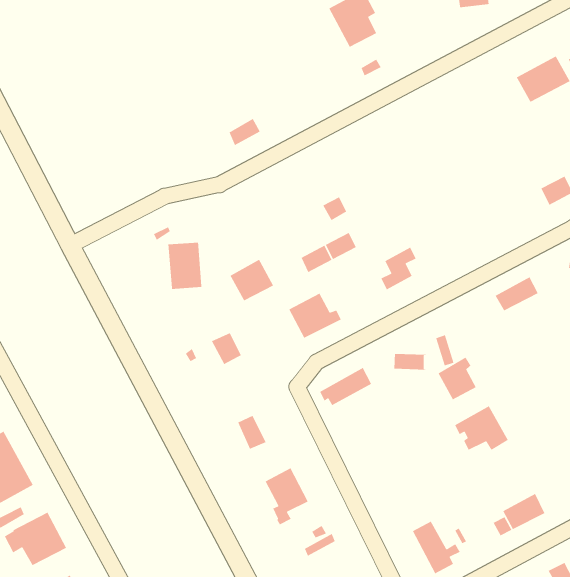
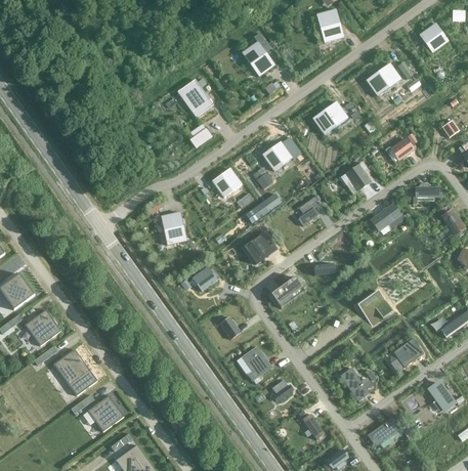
building: none -> [176,79,212,117]
building: none -> [311,101,347,134]
building: none -> [261,138,299,171]
building: none -> [339,162,370,190]
building: [229,258,274,303] -> [211,168,241,198]
building: [437,357,477,400] -> none

